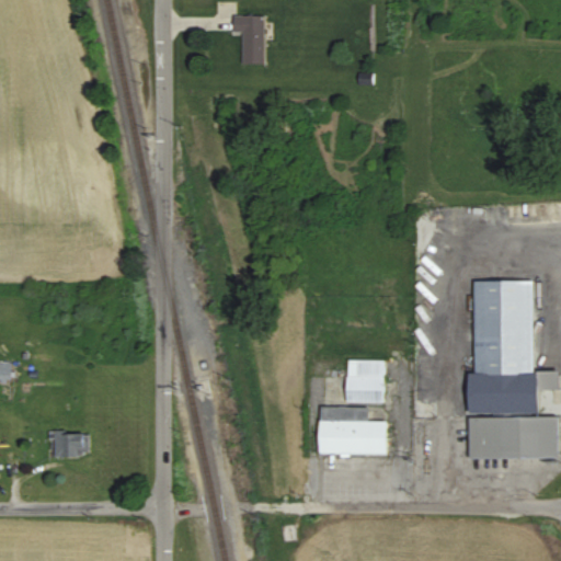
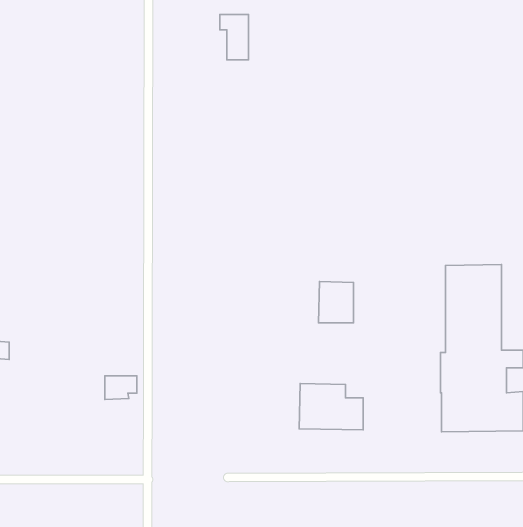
building: [345,359,382,403] -> [318,282,354,323]
building: [54,433,88,458] -> [105,376,137,399]

